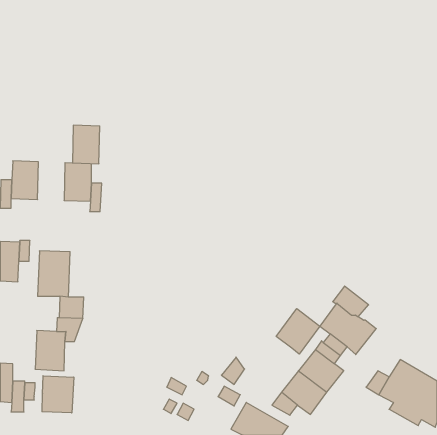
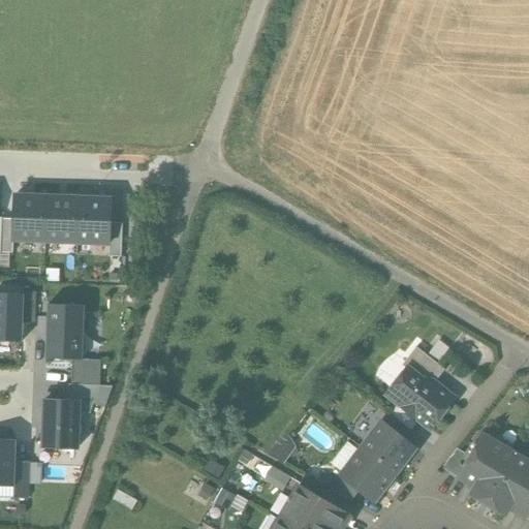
building: [72,125,100,164] -> [45,195,79,242]
building: [276,309,320,354] -> none
building: [42,376,74,413] -> none

